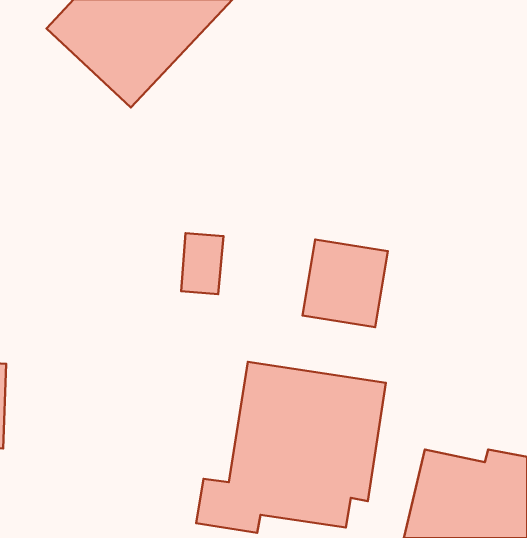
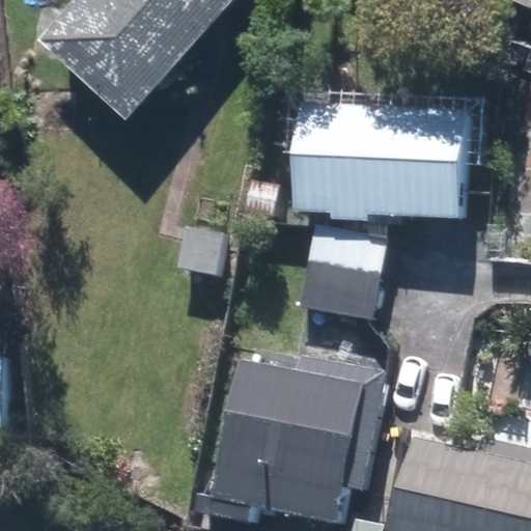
building: none -> [298,109,469,225]

